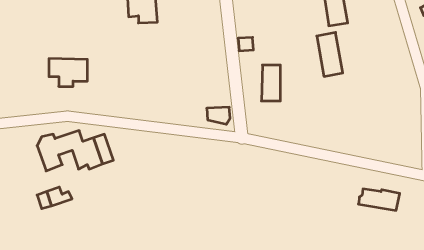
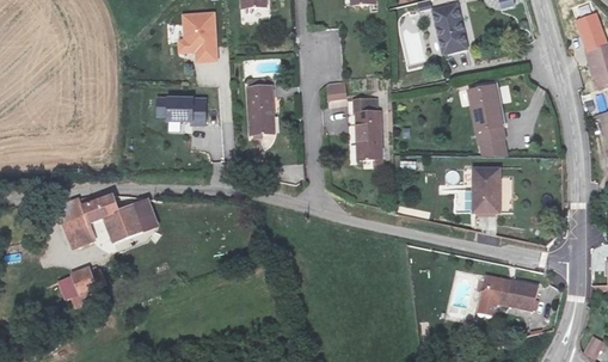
building: [317,32,343,76] -> [469,90,504,148]
building: none -> [251,90,281,140]
building: [49,59,87,86] -> [153,87,204,124]
building: none -> [471,174,500,220]

